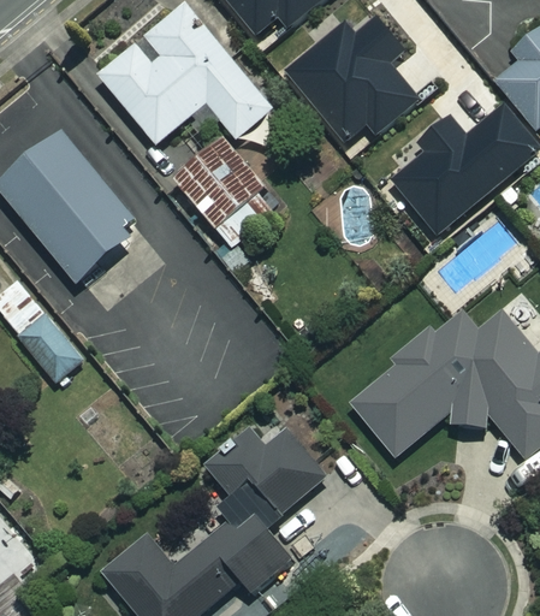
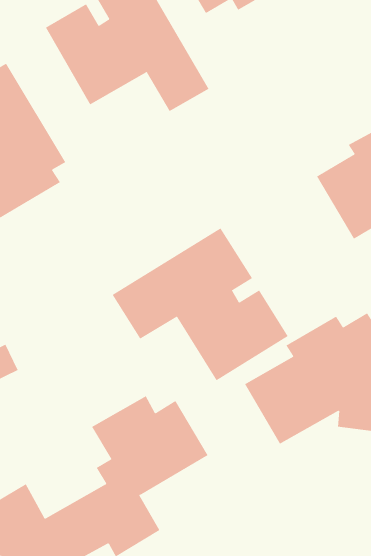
building: [284,19,420,147] -> none
building: [179,148,274,244] -> none
building: none -> [112,227,289,381]

